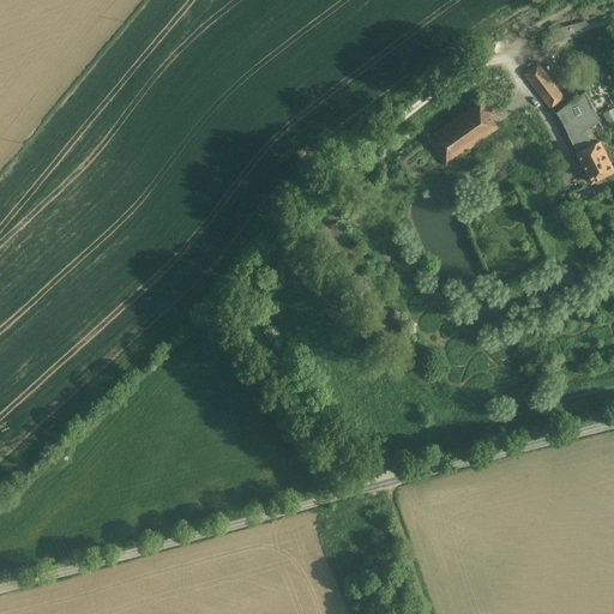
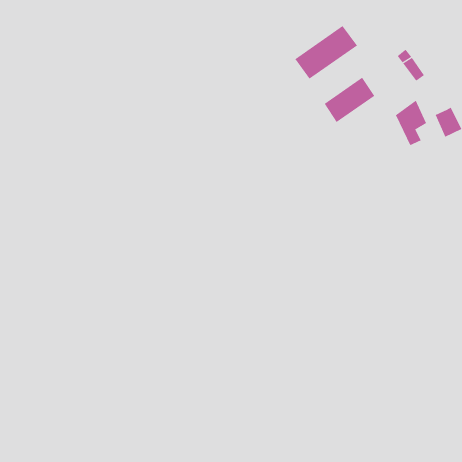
building: none -> [294,25,358,80]
building: [558,91,600,152] -> [395,100,427,146]

